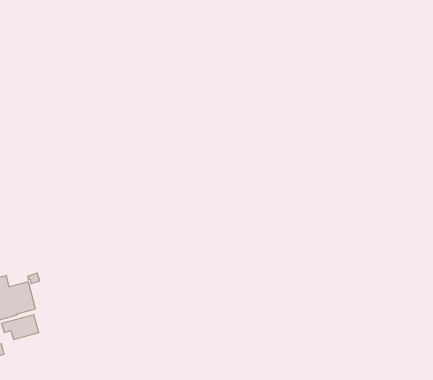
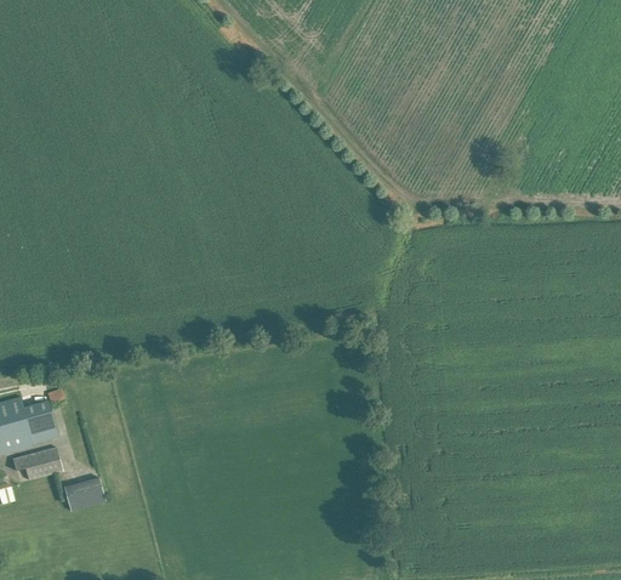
building: none -> [63,477,104,511]

